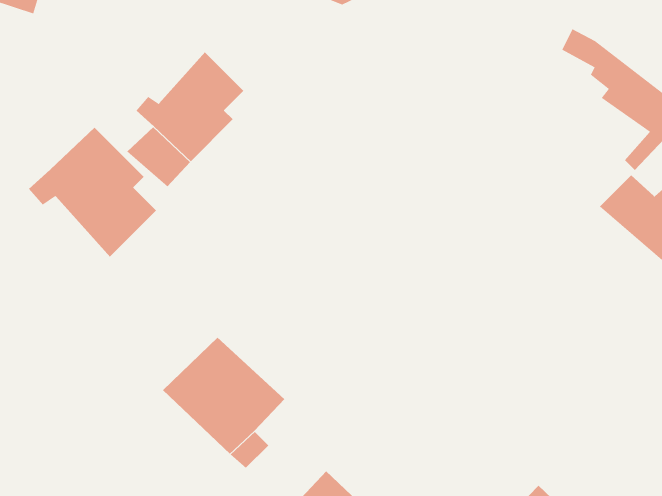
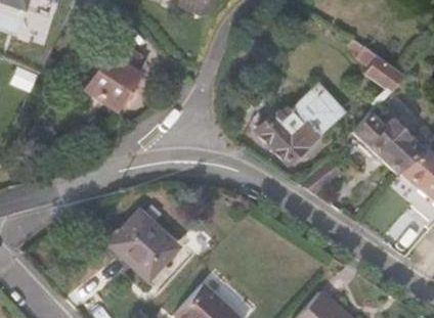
building: [28,127,157,257] -> none
building: none -> [259,88,338,161]

